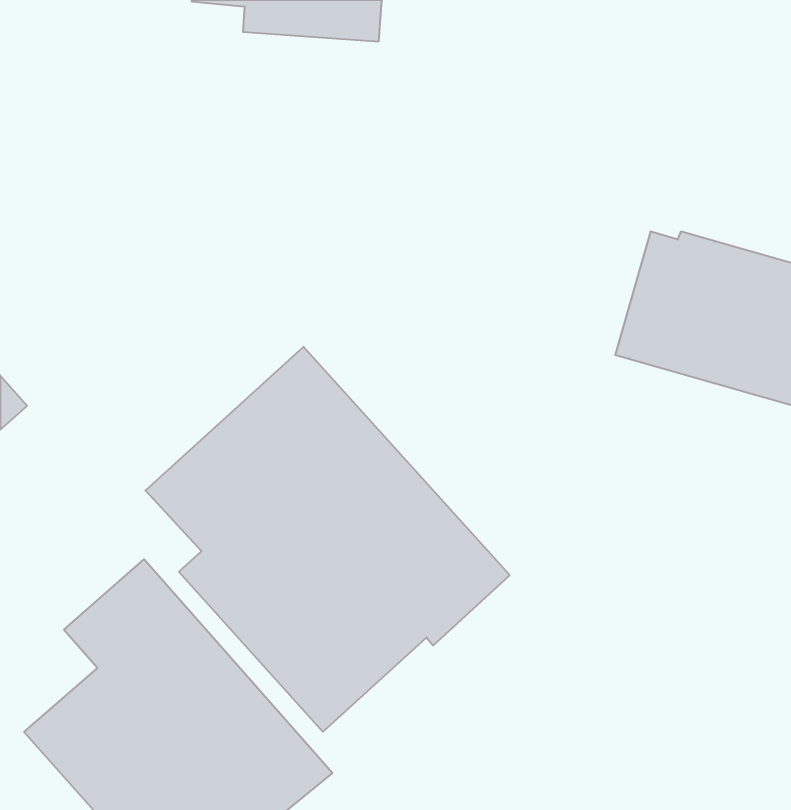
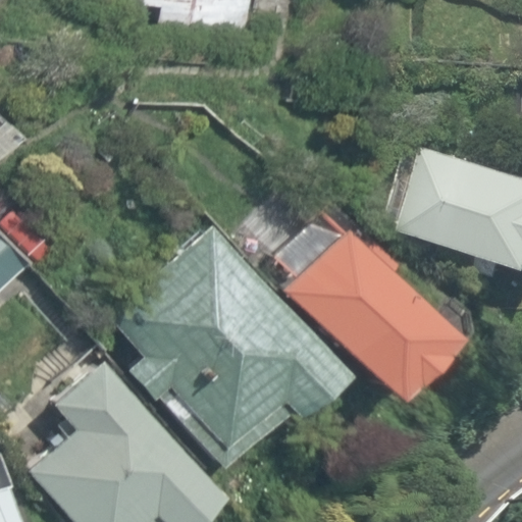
building: none -> [272,197,445,390]

